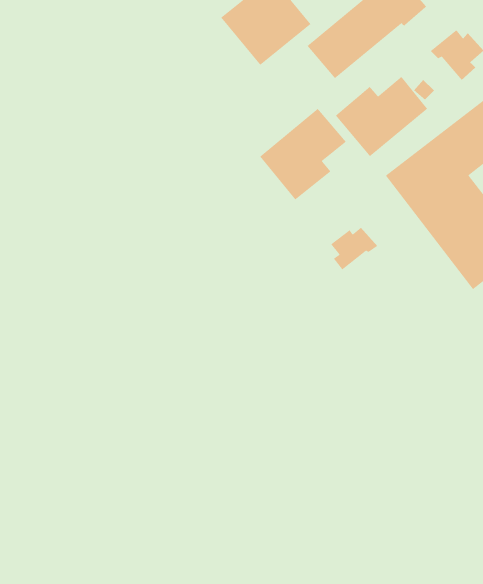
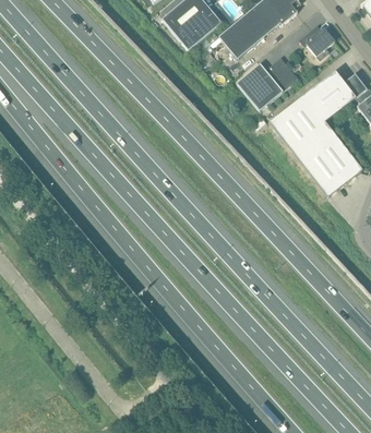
building: [259,108,347,201] -> none
building: [330,227,378,271] -> none

